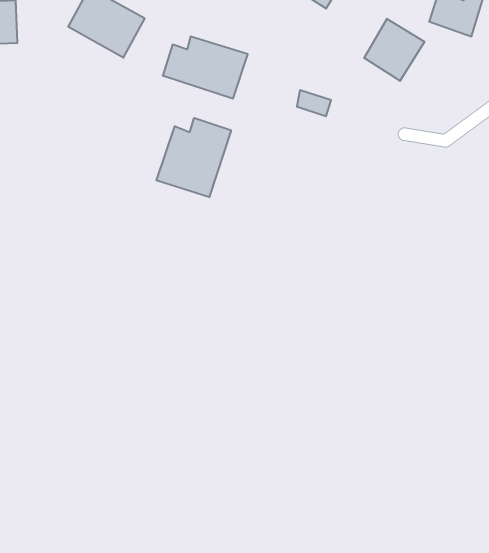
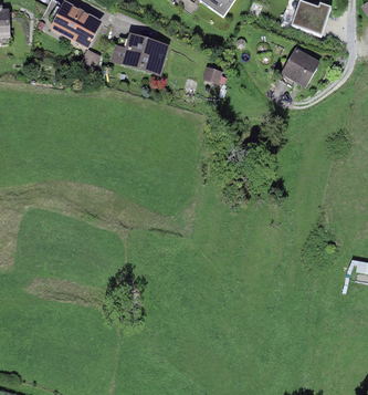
building: [364,19,425,81] -> [282,45,323,87]
building: [156,118,231,197] -> none

